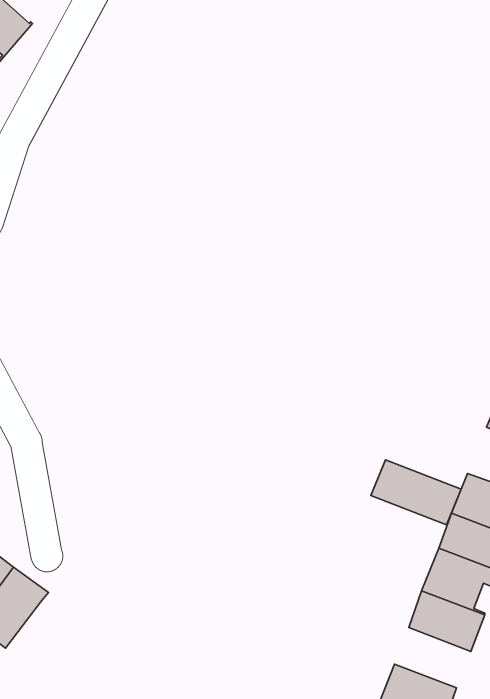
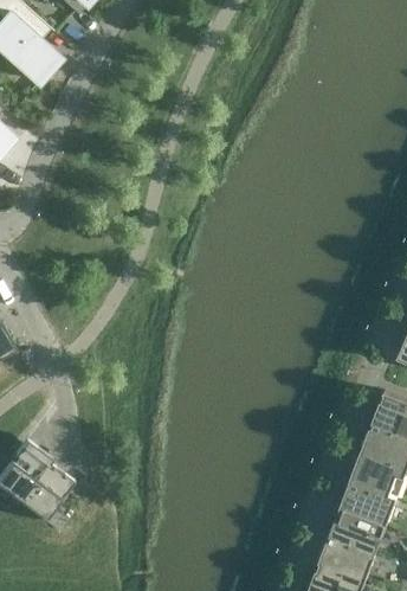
building: [371,460,461,525] -> none
building: none -> [330,506,387,551]

